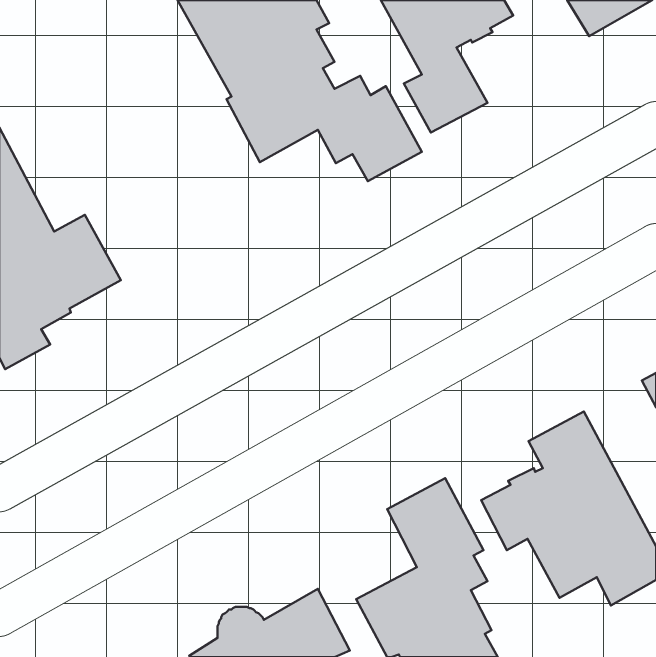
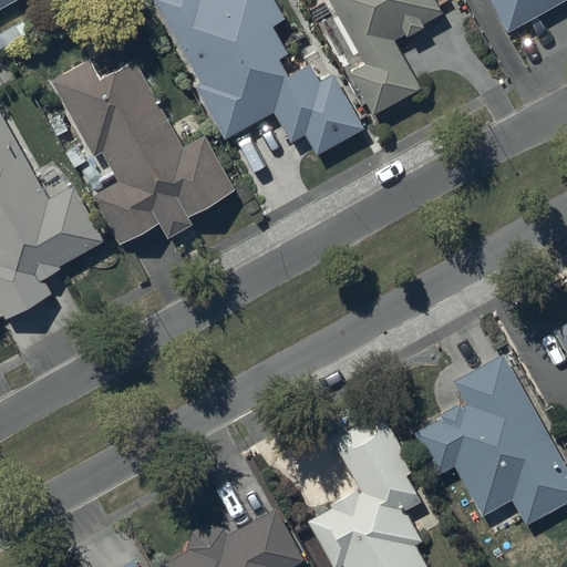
building: none -> [48,56,234,243]

